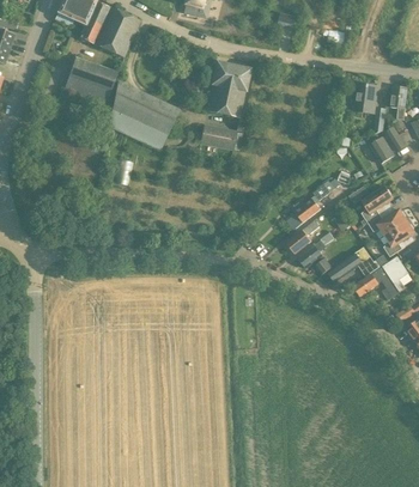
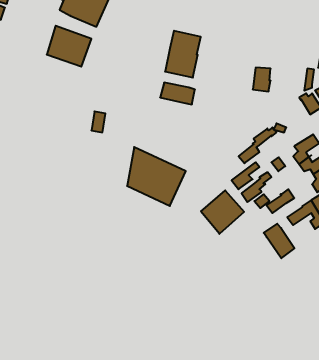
building: [109,80,180,151] -> [127,147,186,206]
building: [354,84,376,112] -> [253,68,271,91]
building: none -> [201,190,244,234]
building: none -> [264,224,294,258]

